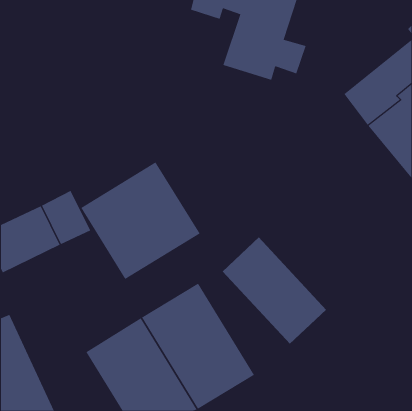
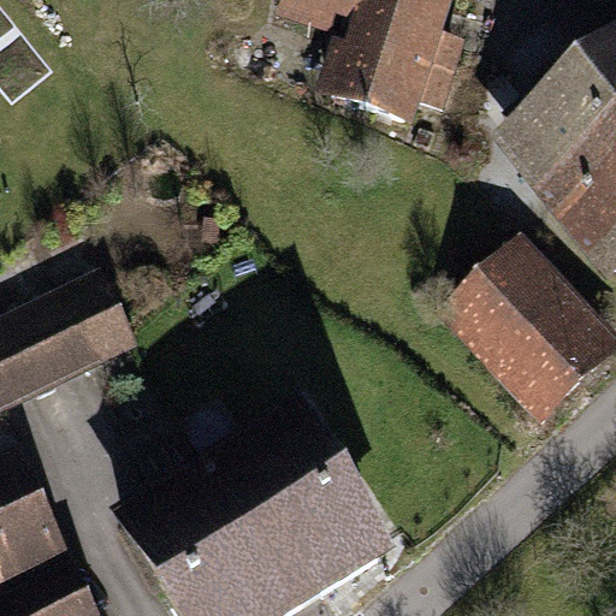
building: [80,161,200,280] -> none
building: none -> [436,253,608,415]
building: [222,237,327,345] -> none

